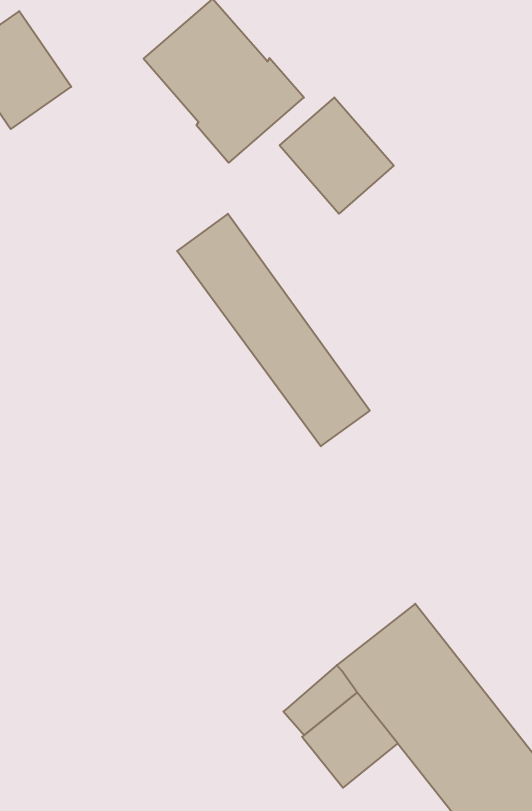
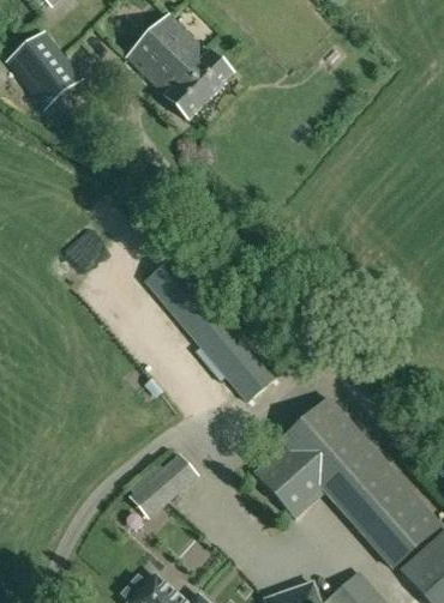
building: [280,97,394,214] -> none
building: [177,214,370,446] -> [144,254,276,400]
building: none -> [132,454,196,514]

